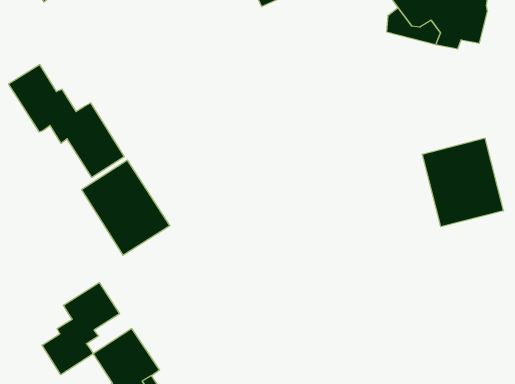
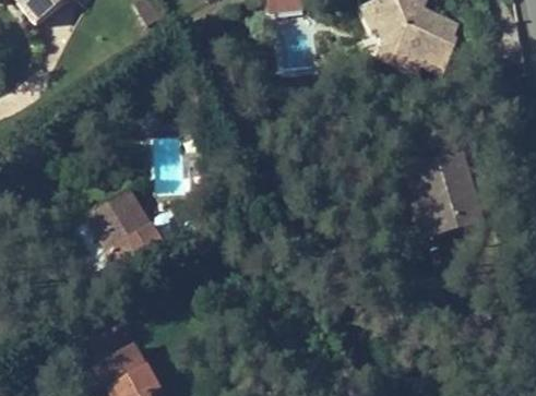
building: [9,65,124,177] -> none
building: [42,283,120,375] -> none

